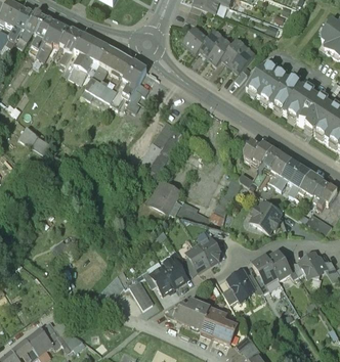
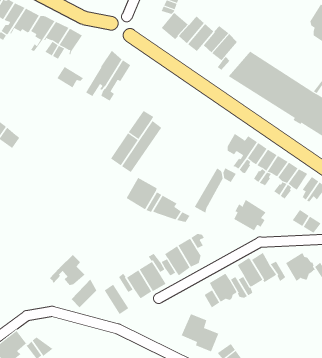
building: [100,47,137,78] -> none
building: none -> [49,254,85,286]
building: [165,296,211,328] -> none

